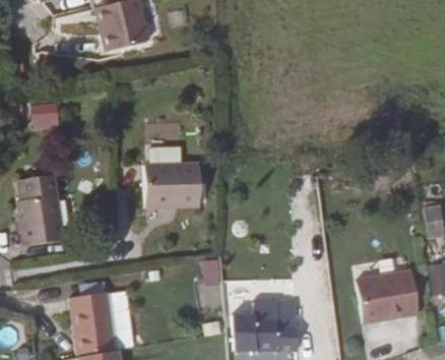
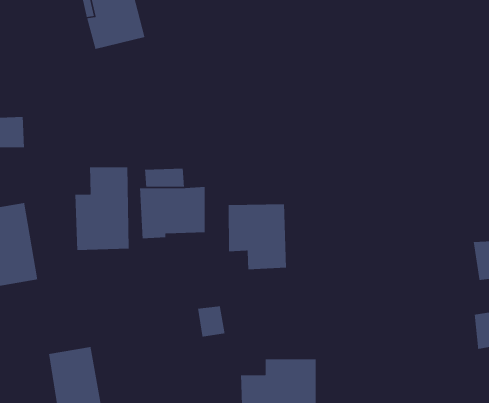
building: none -> [75,167,130,251]
building: none -> [228,203,287,270]
building: [355,273,417,324] -> none

